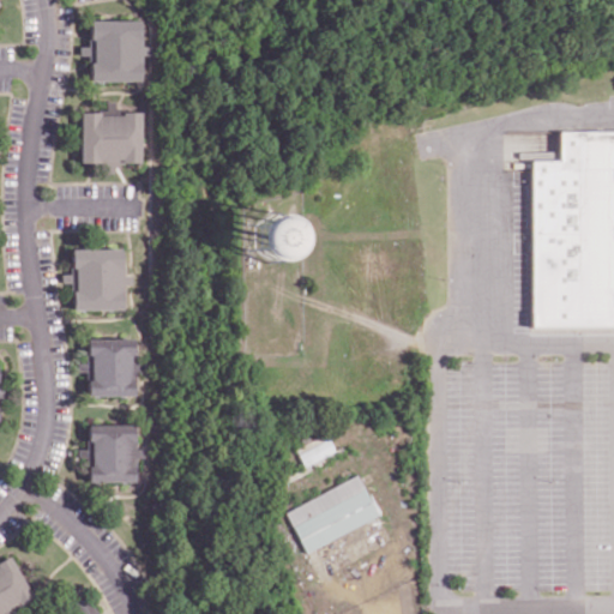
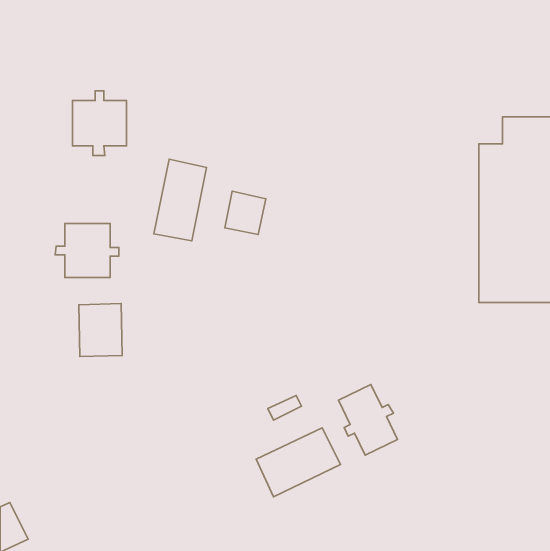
building: [83,20,144,82] -> none
building: none -> [154,159,206,241]
building: [90,425,138,483] -> none
building: none -> [338,384,398,455]

